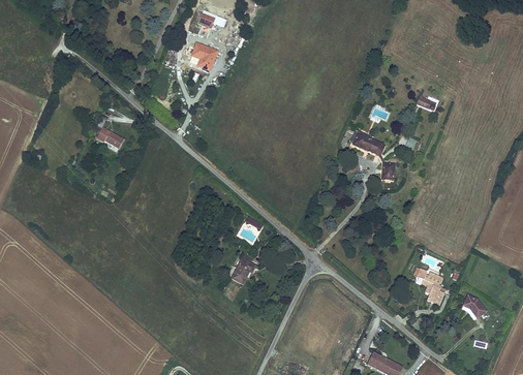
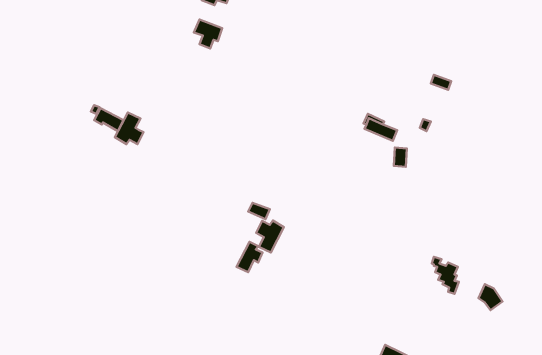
building: none -> [115,113,144,144]
building: none -> [256,221,284,252]

